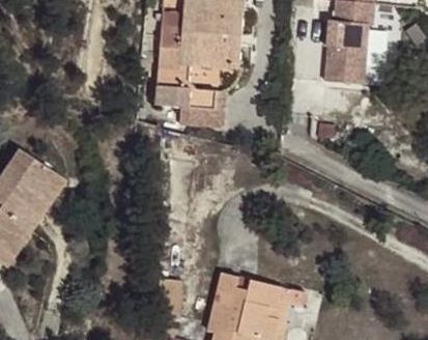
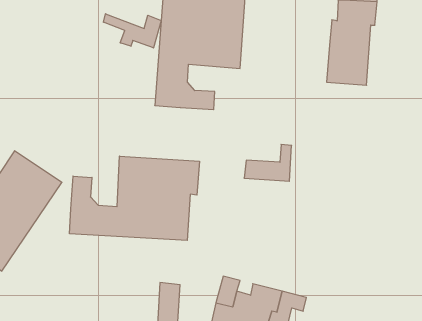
building: none -> [103,14,161,48]
building: [178,91,225,128] -> [244,144,292,181]
building: none -> [70,156,199,240]

